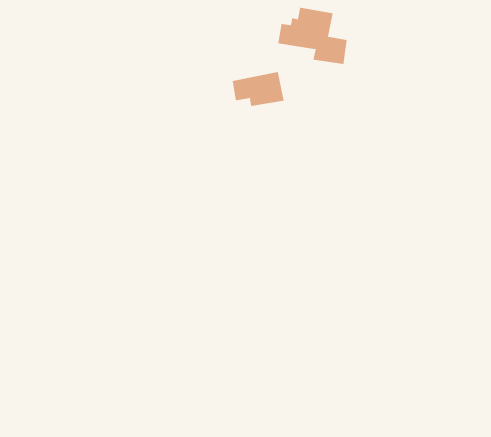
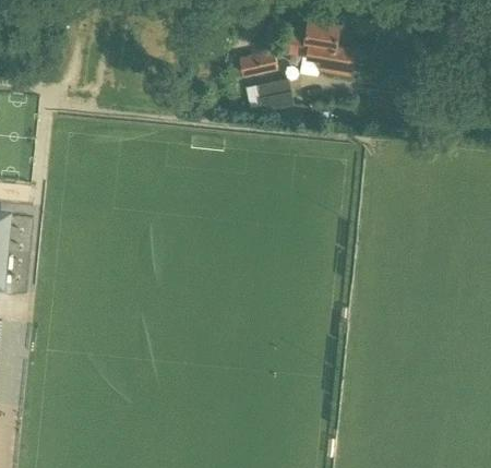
building: none -> [239,50,277,76]

